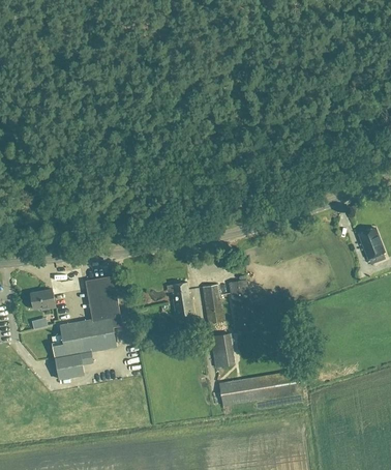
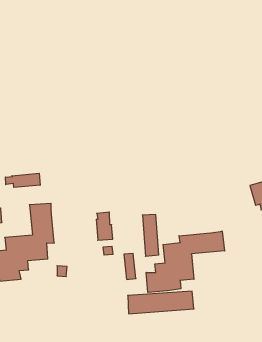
building: none -> [6,173,40,187]
building: [201,284,223,323] -> none
building: none -> [146,231,225,292]

